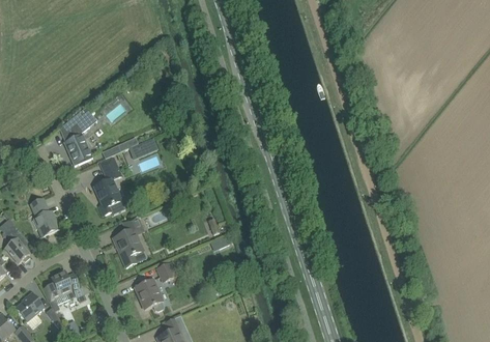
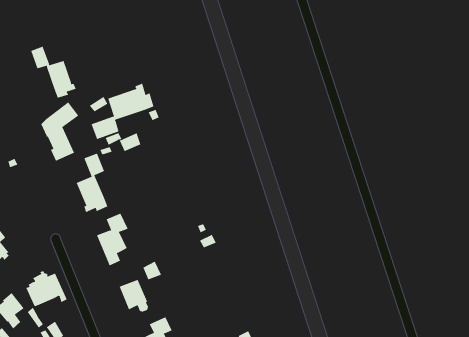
building: none -> [30,46,77,98]
building: none -> [91,83,154,140]
building: [31,198,58,234] -> none

